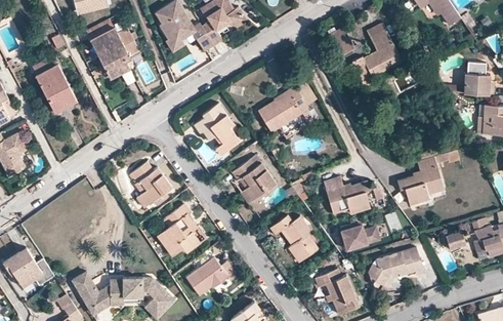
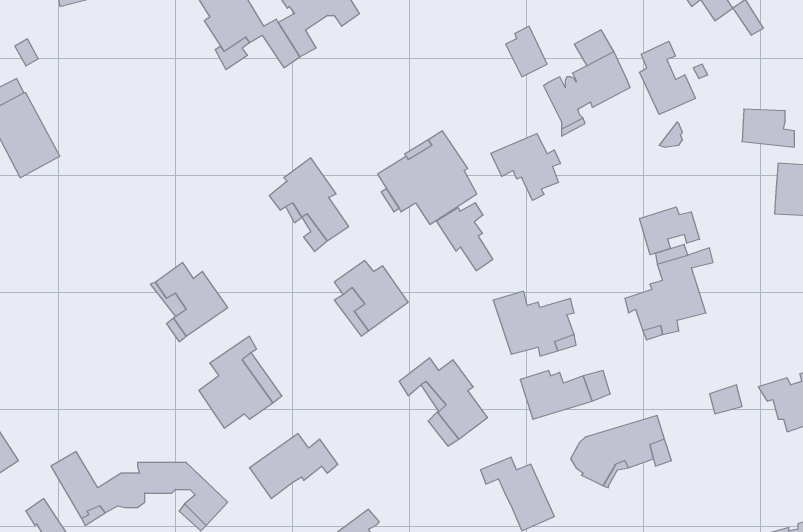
building: [86,18,139,78] -> none
building: none -> [639,41,695,114]
building: none -> [491,134,560,200]
building: none -> [436,203,493,271]
building: none -> [640,207,700,255]

